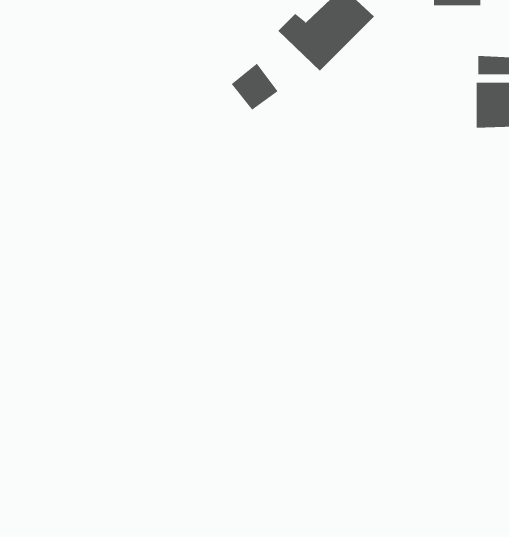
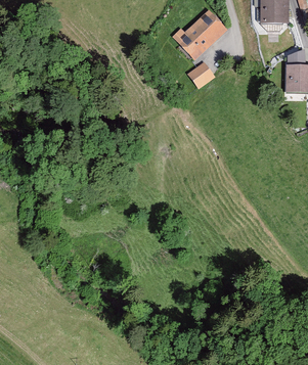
building: [231,63,279,111] -> [187,60,215,88]

